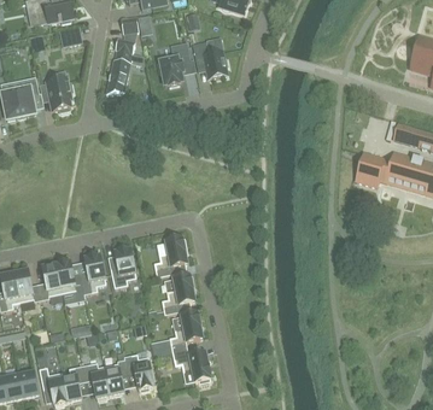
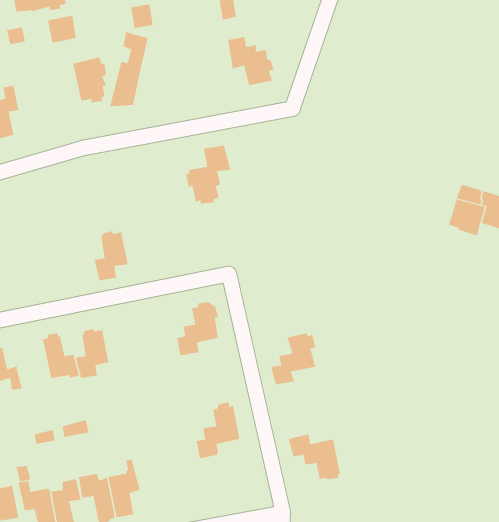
building: [157,41,191,84] -> [185,145,231,204]
building: [46,76,71,110] -> [72,57,107,103]
building: [110,248,135,286] -> [94,230,128,281]
building: [37,262,62,299] -> none
building: [160,274,194,312] -> [270,332,316,385]
building: [171,347,210,381] -> [288,434,340,480]
building: [123,352,153,391] -> none

